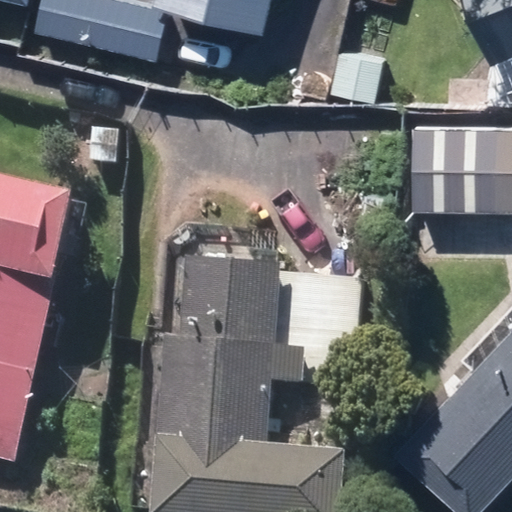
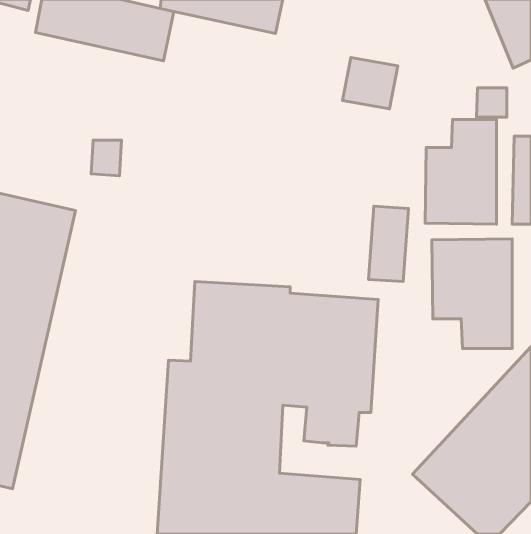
building: none -> [432,239,512,349]

